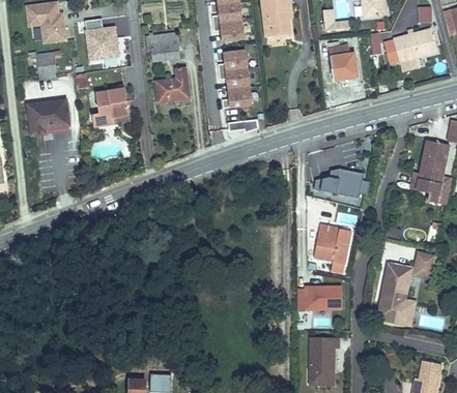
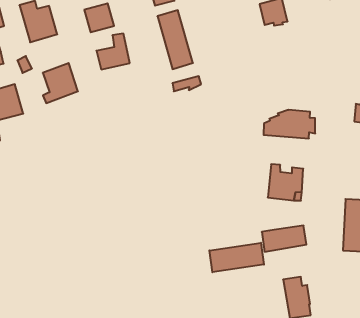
building: none -> [209,243,264,272]

